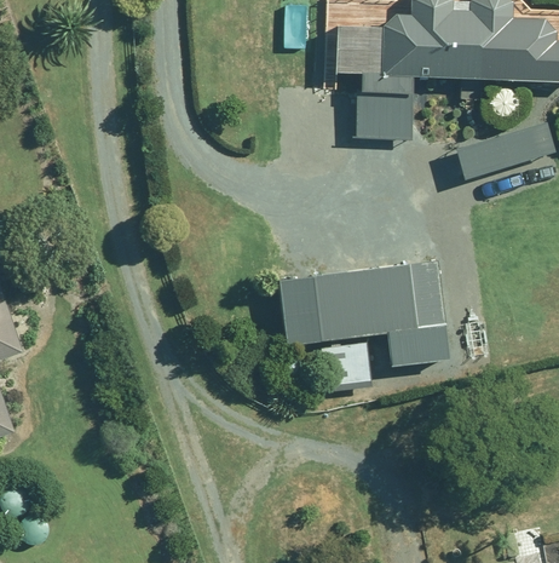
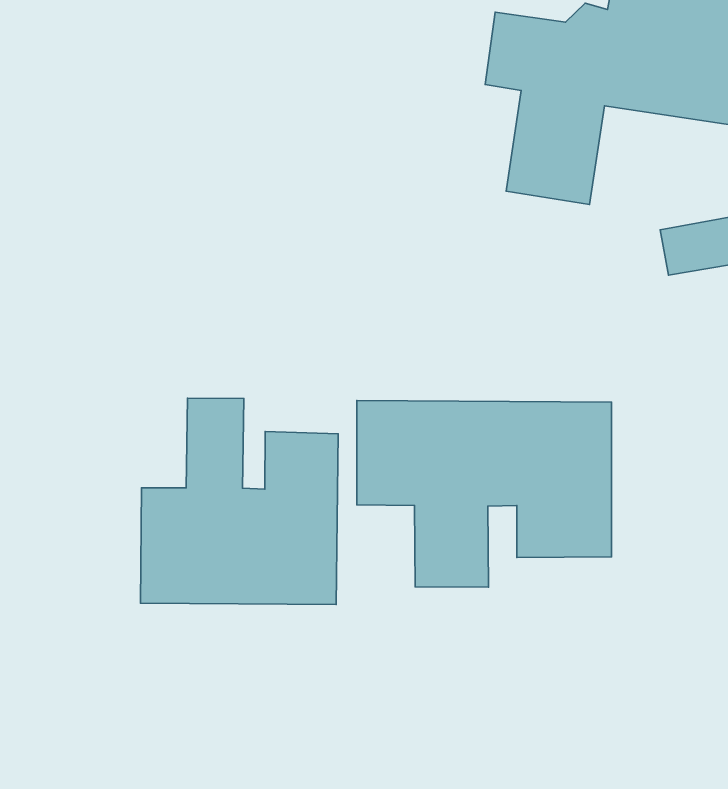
building: none -> [140,398,338,604]

